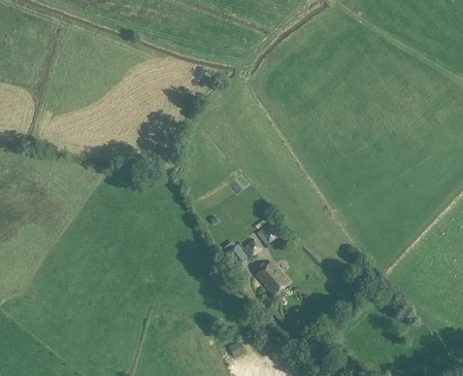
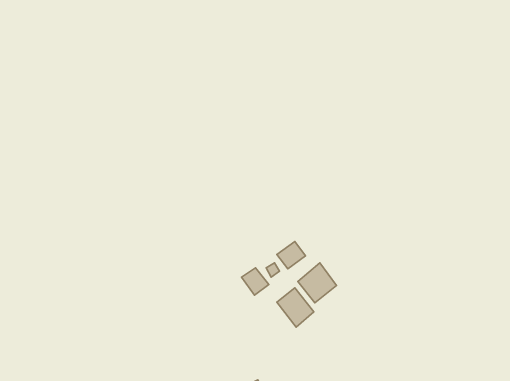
building: none -> [298,263,337,303]

